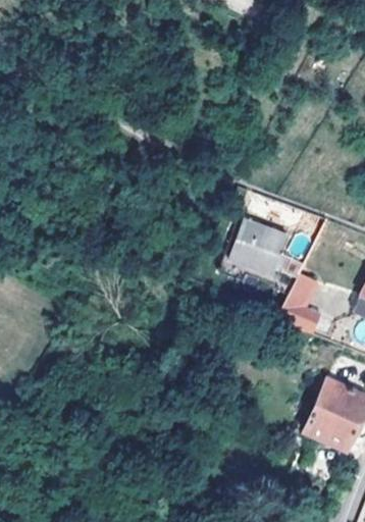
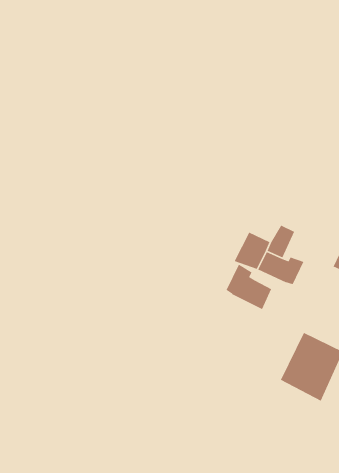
building: [234,219,290,274] -> none
building: none -> [225,263,272,310]

